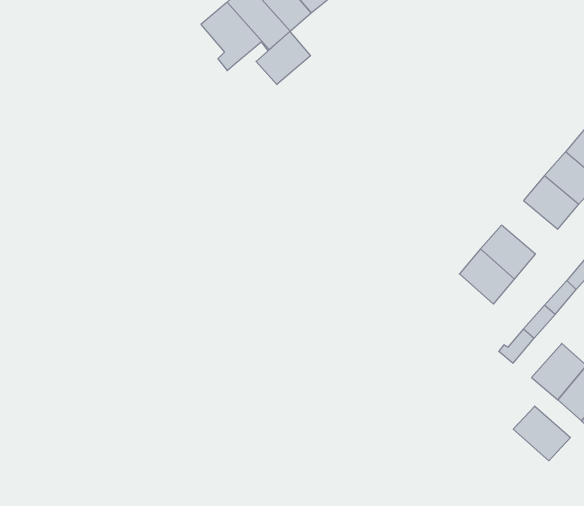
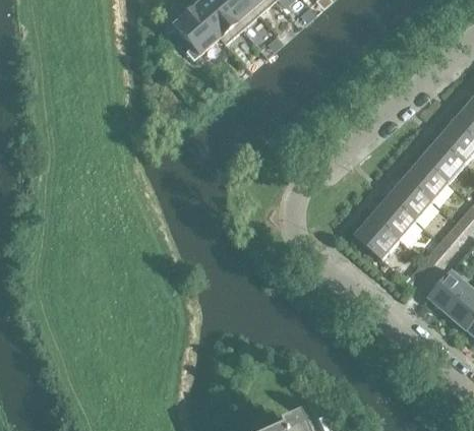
building: [256,31,310,85] -> none
building: none -> [406,159,450,200]
building: none -> [356,216,400,258]
building: [513,406,570,461] -> none

